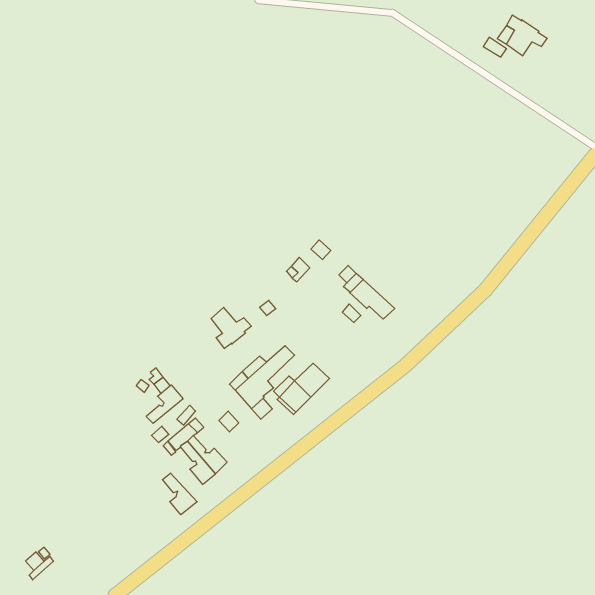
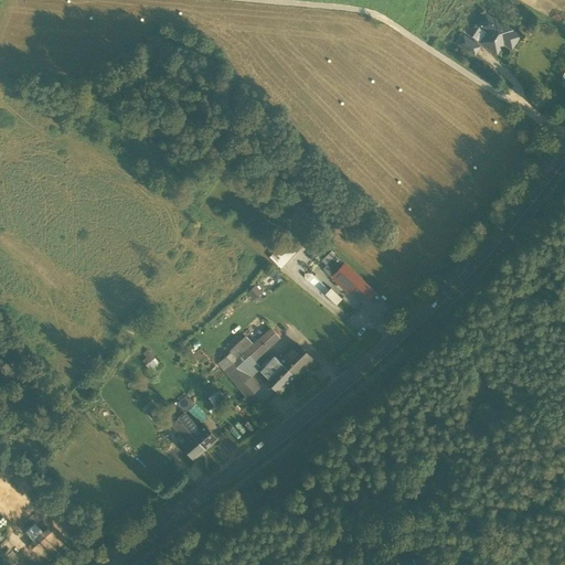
building: [211,307,251,349] -> none
building: [147,385,183,423] -> none
building: [162,473,197,515] -> none

